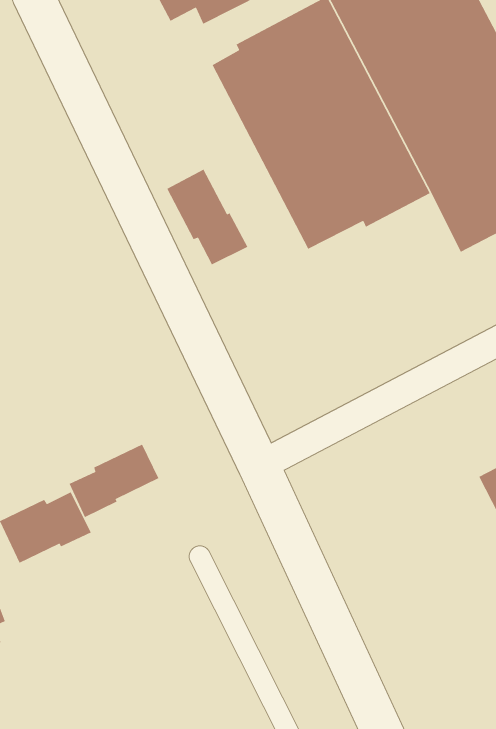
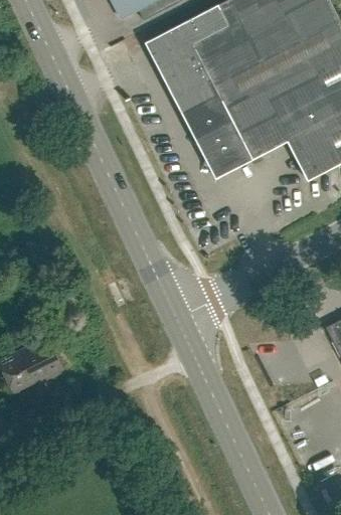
building: [166,169,248,266] -> none
building: [69,443,160,518] -> none

